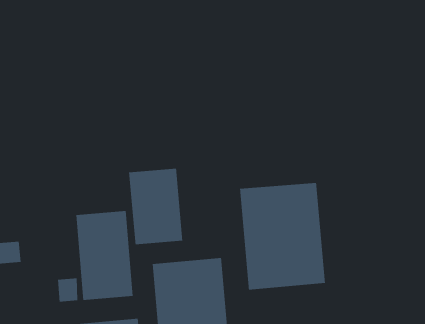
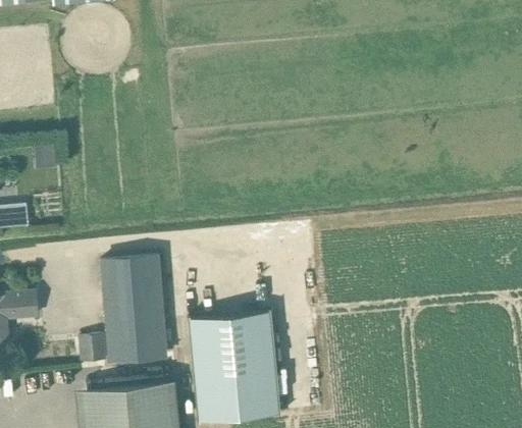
building: [129,168,183,245] -> none
building: [239,182,325,290] -> none

